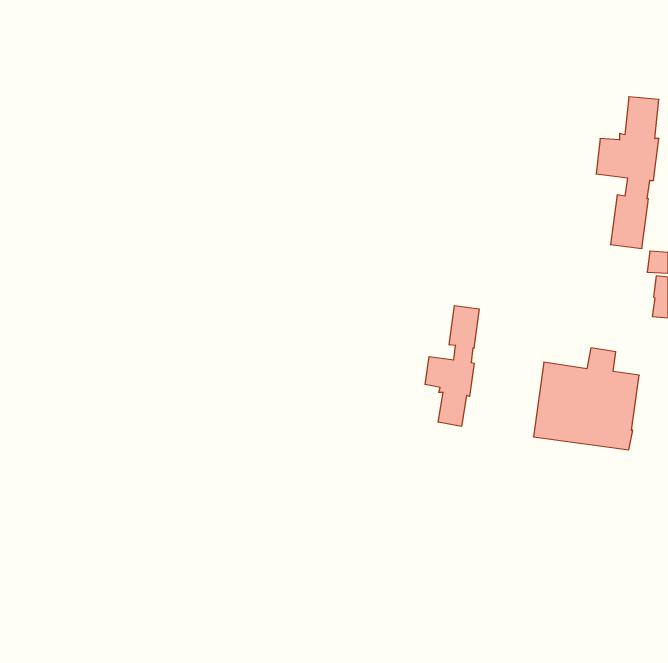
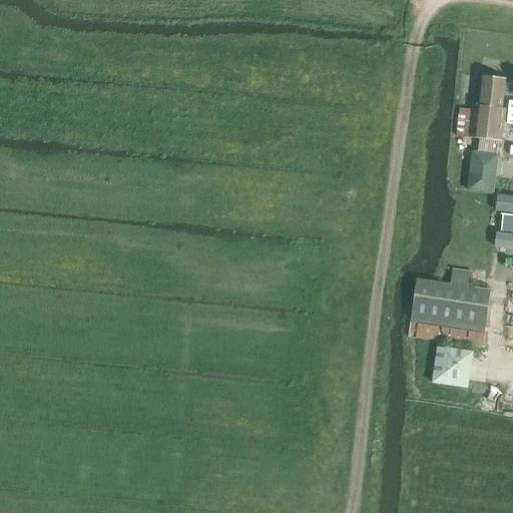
building: [425,306,479,426] -> none
building: none -> [432,344,474,387]

